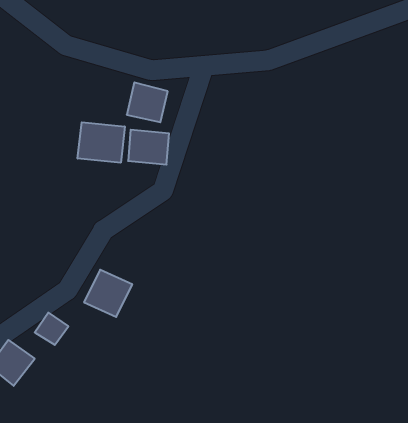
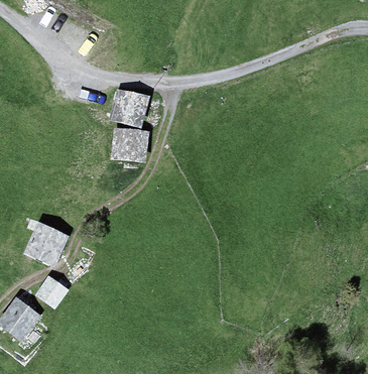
building: [78,122,125,163] -> none
building: [84,270,132,317] -> [26,224,66,262]

